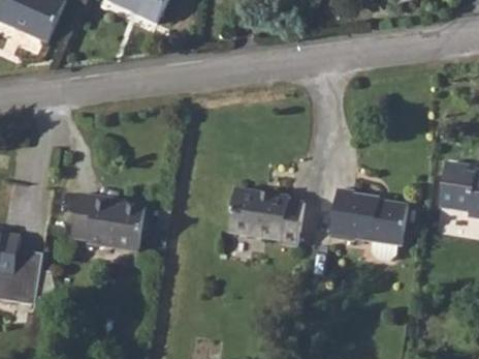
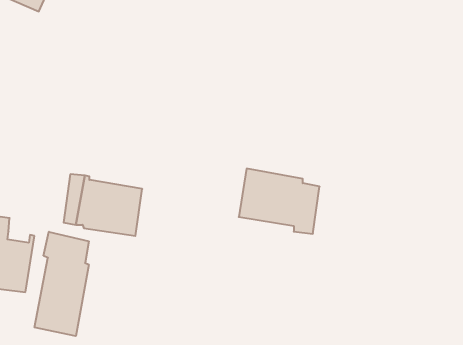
building: [329,192,409,251] -> none
building: none -> [35,232,89,336]

